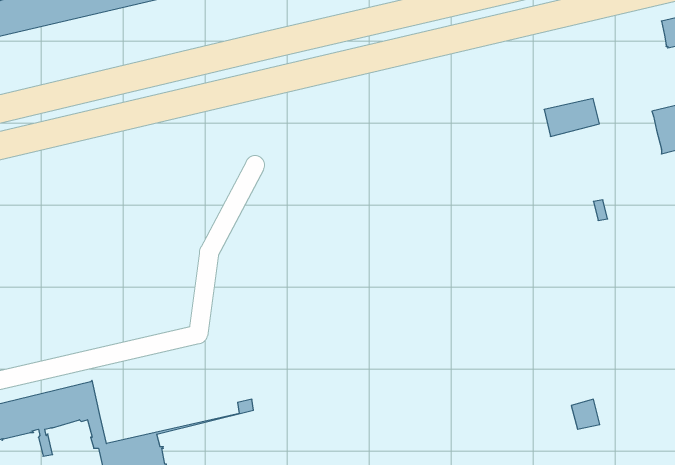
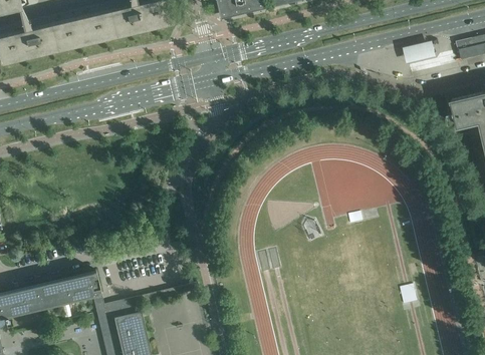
building: [544,99,599,136] -> [402,37,437,61]

